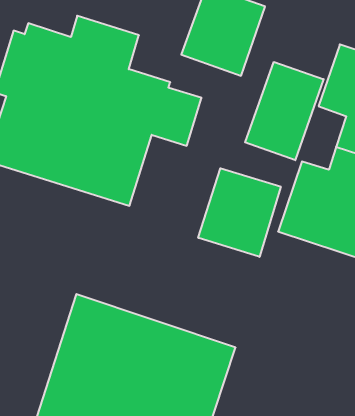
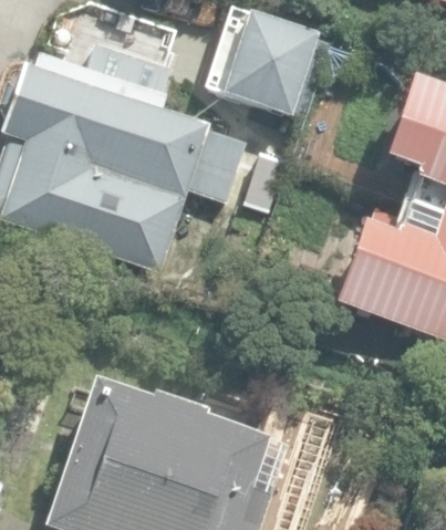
building: [245,62,324,160] -> none
building: [198,168,281,257] -> none

